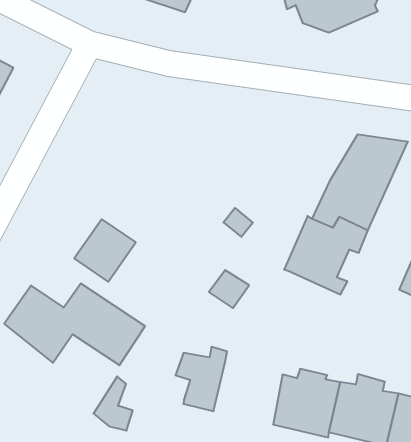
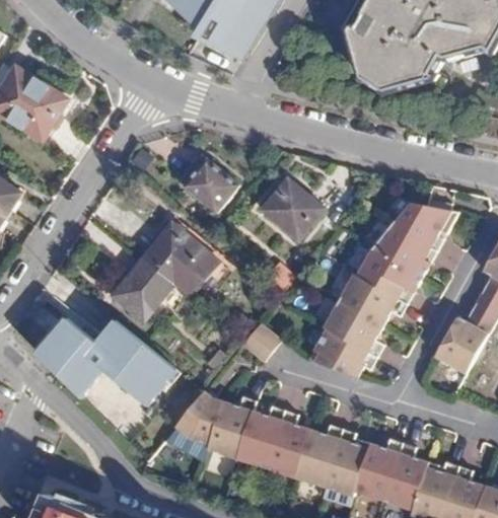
building: none -> [184,154,240,210]
building: none -> [262,178,325,240]
building: none -> [144,223,220,298]
building: none -> [307,328,374,376]
building: none -> [236,409,308,479]
building: [93,376,133,431] -> [176,391,216,446]

